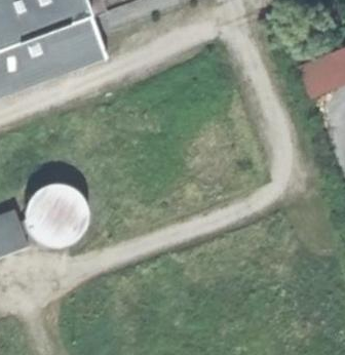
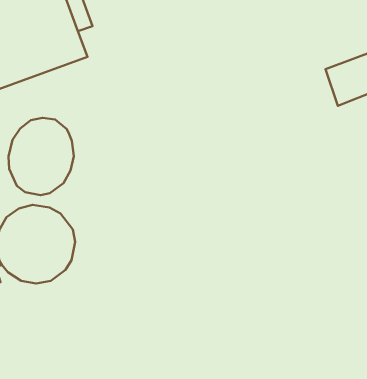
building: none -> [8,118,74,195]

